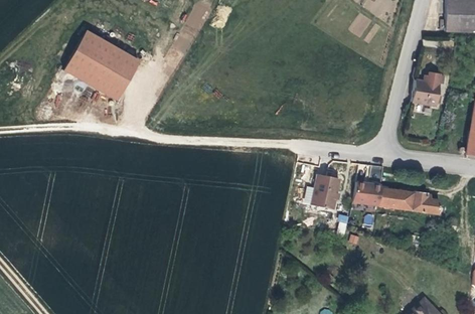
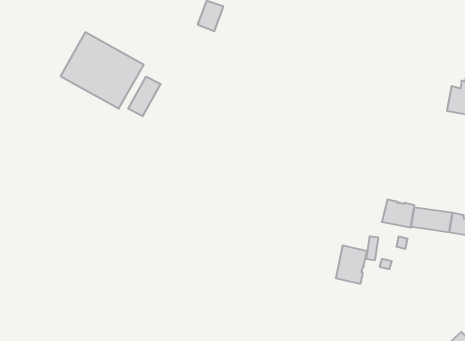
building: none -> [128,77,161,116]
building: [313,174,341,208] -> [336,246,367,284]

